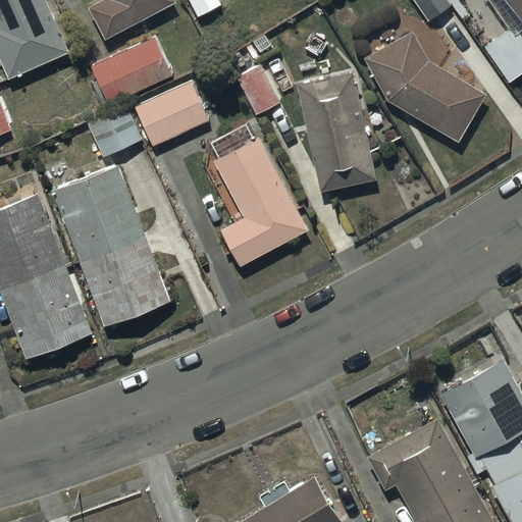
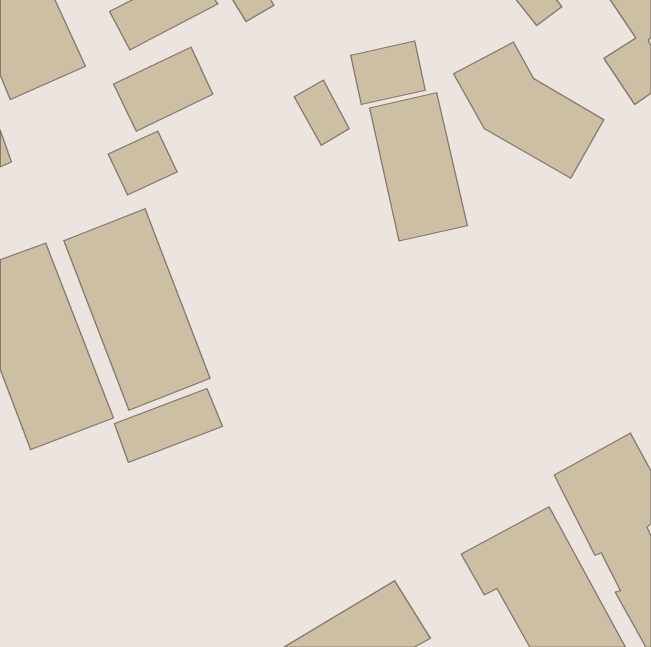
building: none -> [351,41,425,105]
building: [135,82,208,146] -> none
building: [213,139,307,268] -> none
building: none -> [114,389,222,462]

